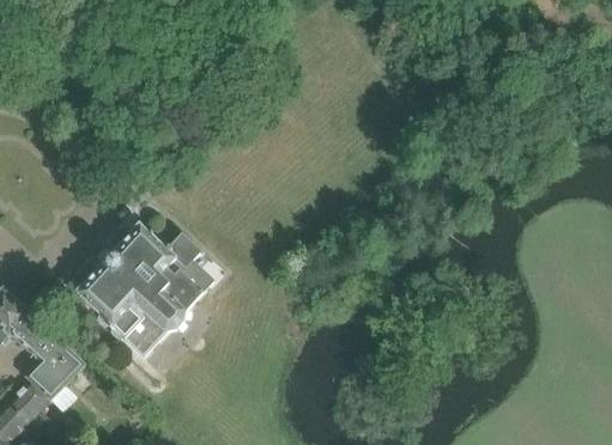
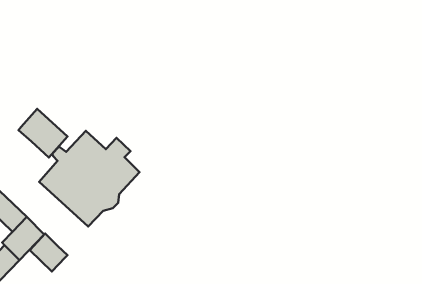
building: none -> [19,109,67,158]
building: none -> [30,234,68,272]

